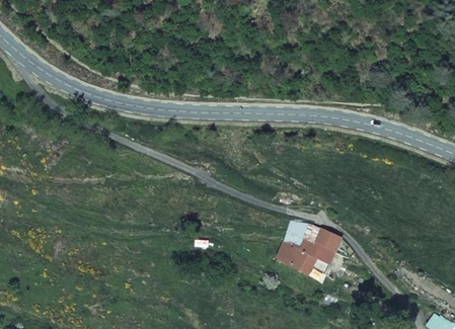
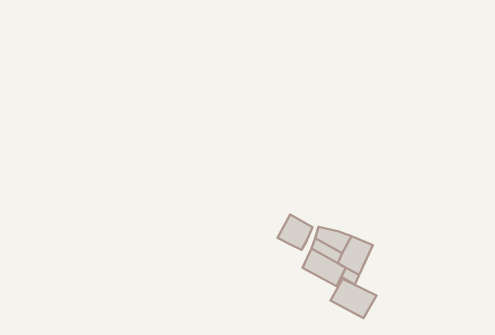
building: none -> [277,214,313,250]
building: none -> [330,279,377,318]

